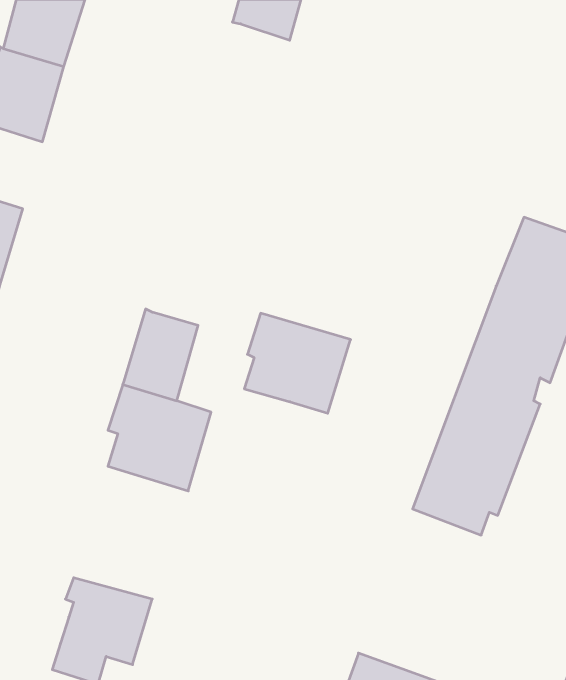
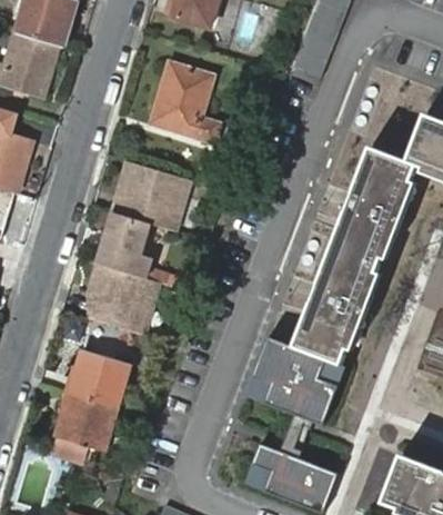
building: none -> [150,62,217,141]
building: [244,313,351,413] -> [117,161,189,229]
building: none -> [243,336,344,425]
building: none -> [63,349,130,407]

